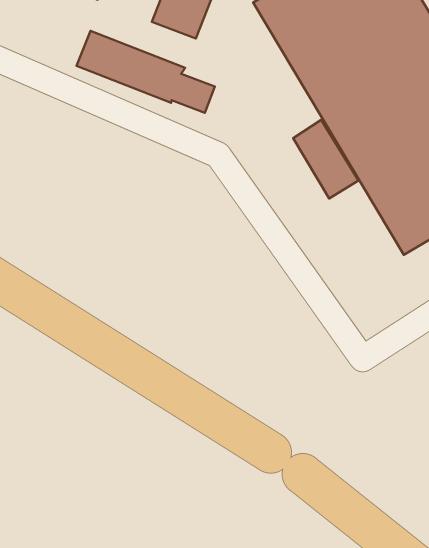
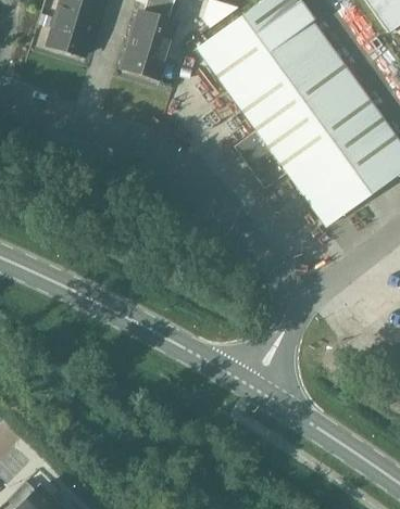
building: [76,31,215,113] -> none

